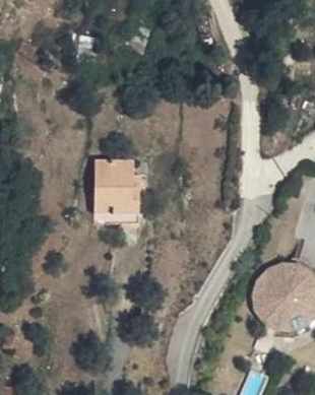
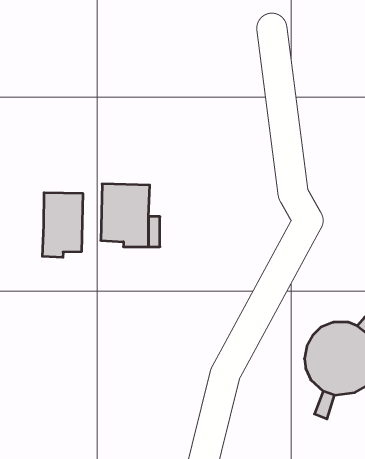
building: none -> [42,193,83,257]

